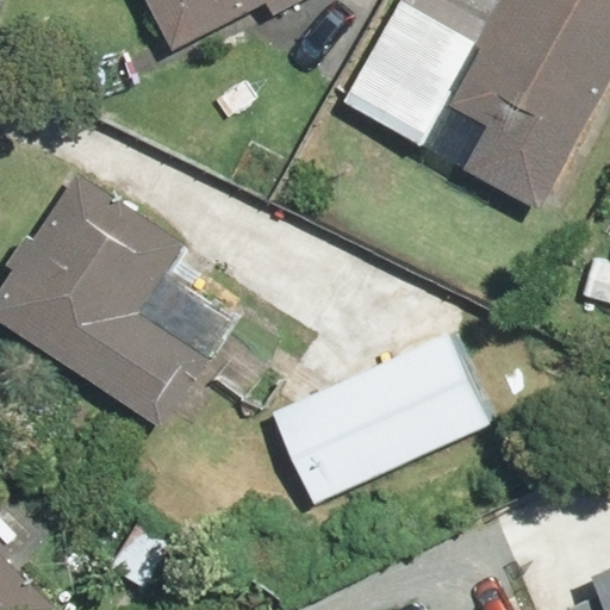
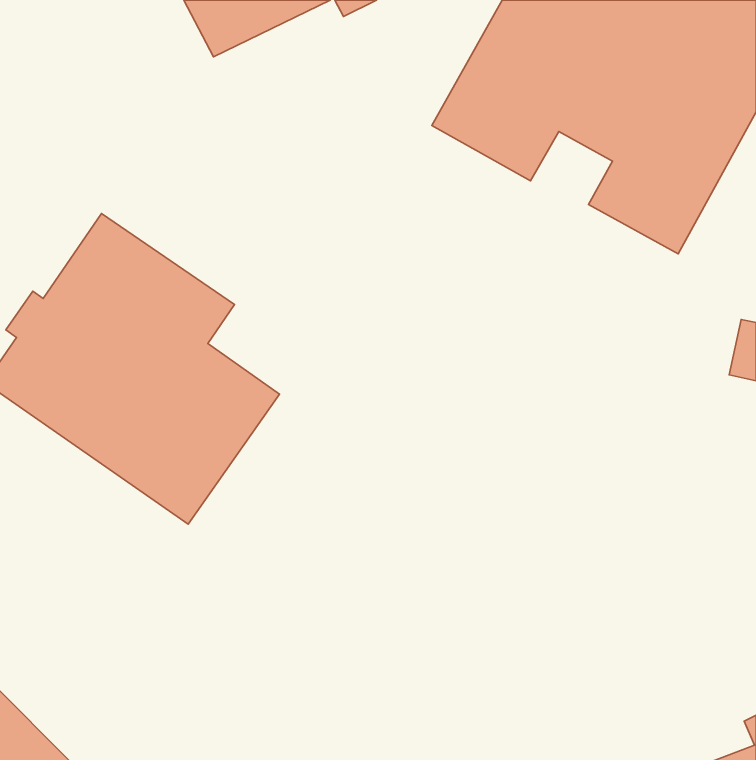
building: [272,328,490,503] -> none

